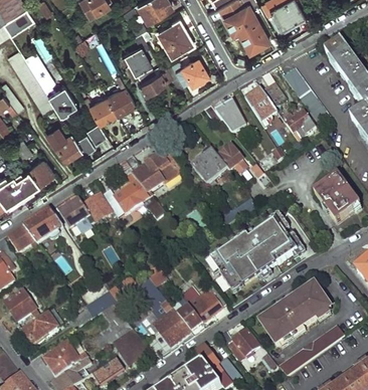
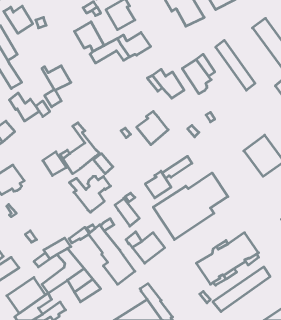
building: [106,73,135,115] -> none
building: [44,83,77,115] -> [4,6,33,33]
building: [287,112,317,141] -> none
building: [217,145,246,171] -> none
building: [125,154,172,195] -> [69,176,111,212]
building: [58,198,94,233] -> none
building: none -> [145,171,171,198]
building: [173,299,201,331] -> [115,198,139,226]
building: [220,330,260,360] -> none

